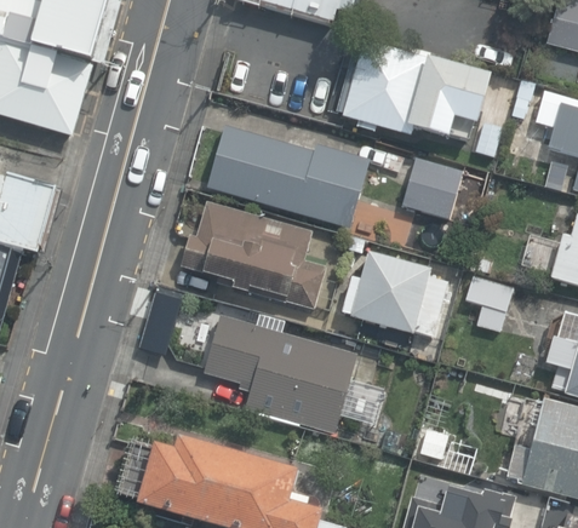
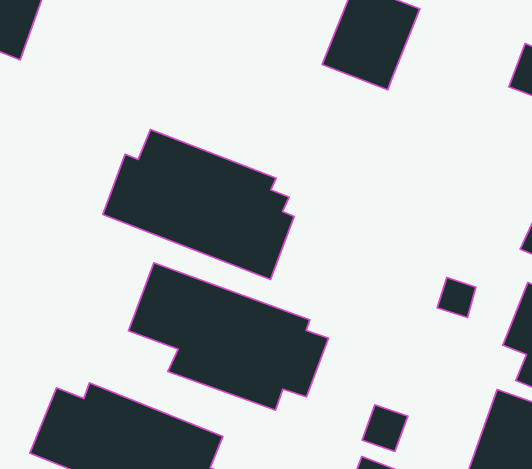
building: [412,64,498,147] -> none
building: [202,122,368,225] -> none
building: [391,149,469,224] -> none
building: [332,241,463,344] -> none

